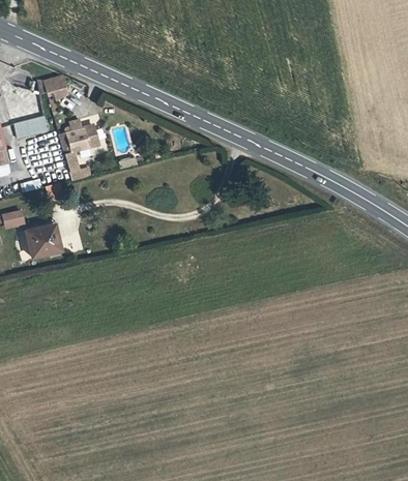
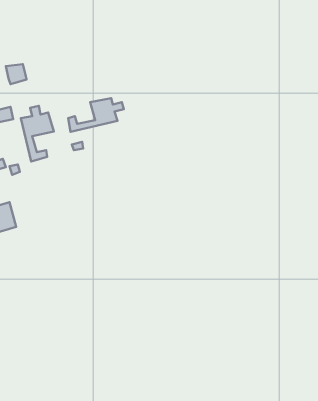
building: none -> [68,98,124,132]

